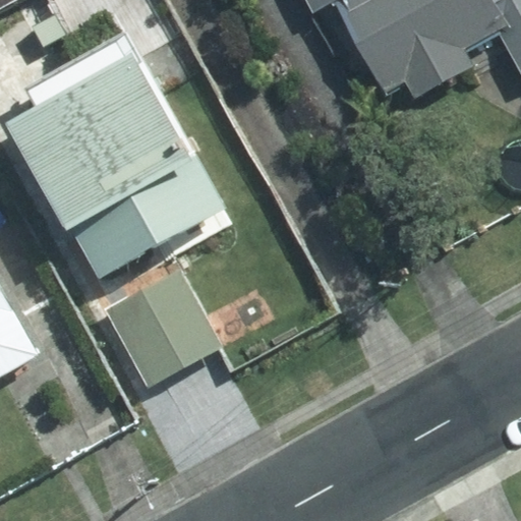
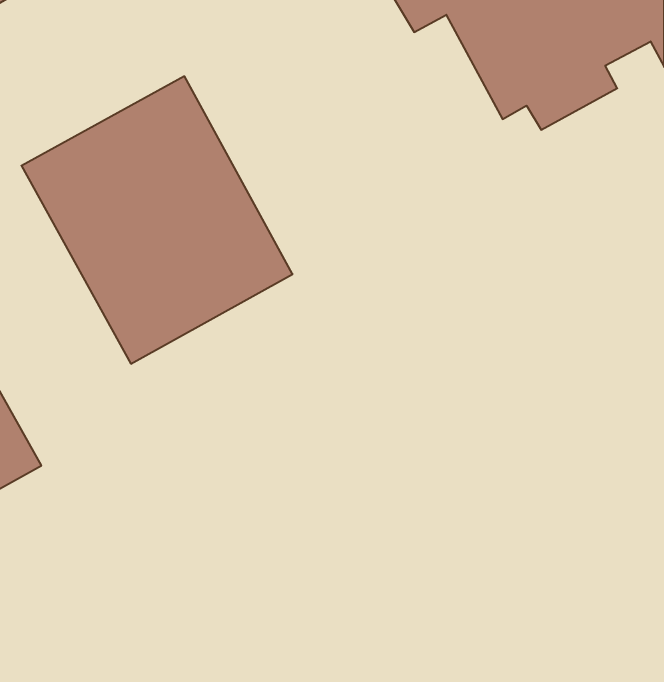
building: [102,269,216,386] -> none

